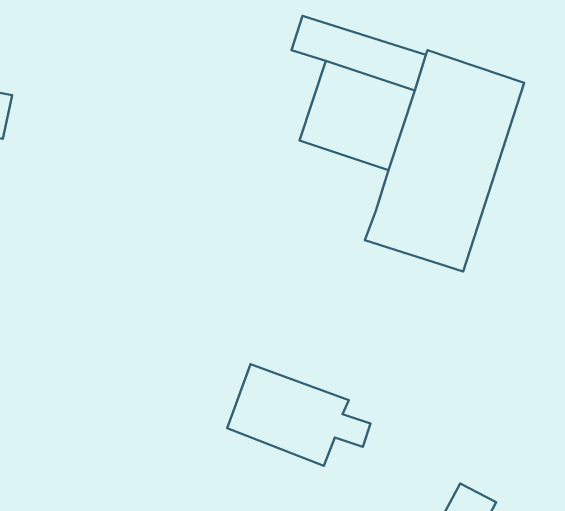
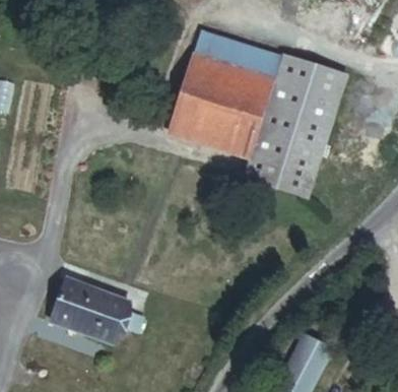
building: none -> [170,52,259,156]
building: [227,364,371,466] -> [52,276,145,342]

